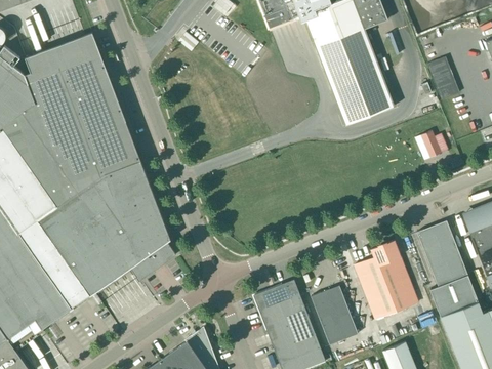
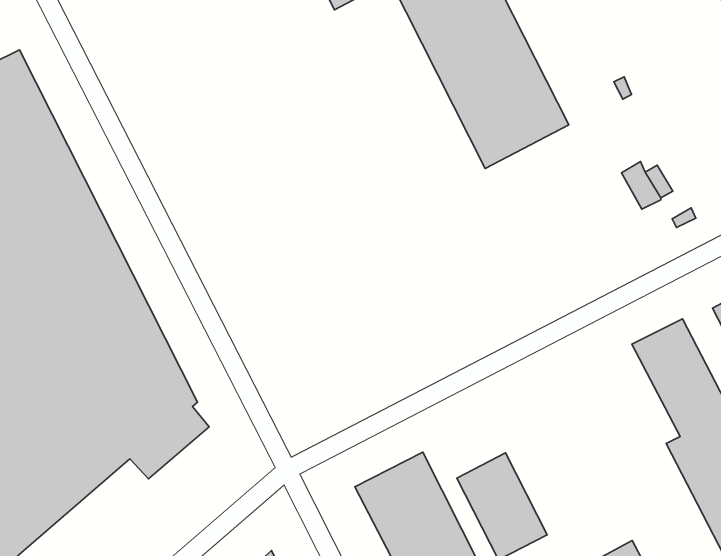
building: [426,52,460,96] -> none
building: [354,241,418,320] -> none

